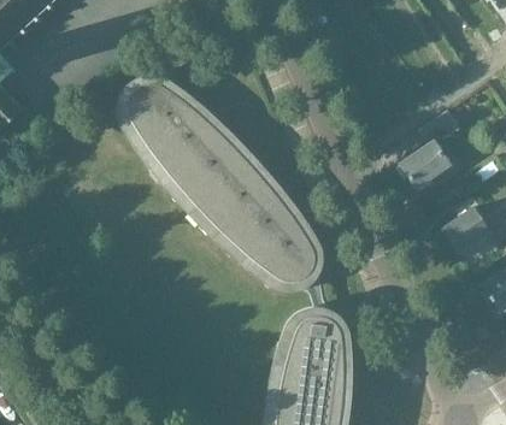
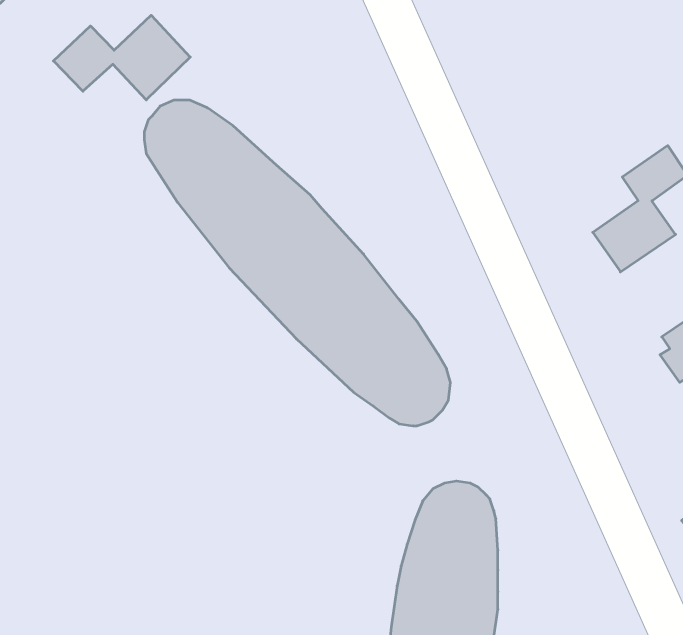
building: none -> [53,15,190,100]

